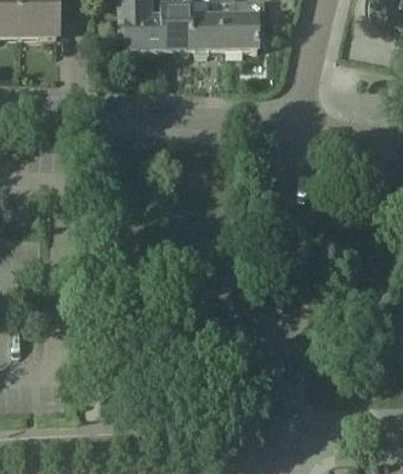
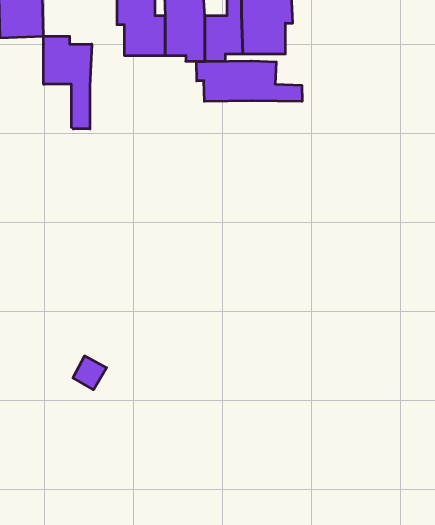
building: none -> [44,36,92,129]
building: none -> [196,61,302,101]

